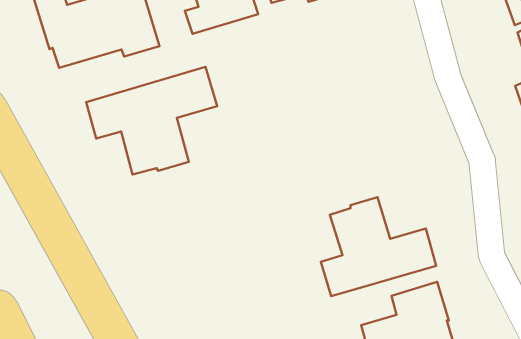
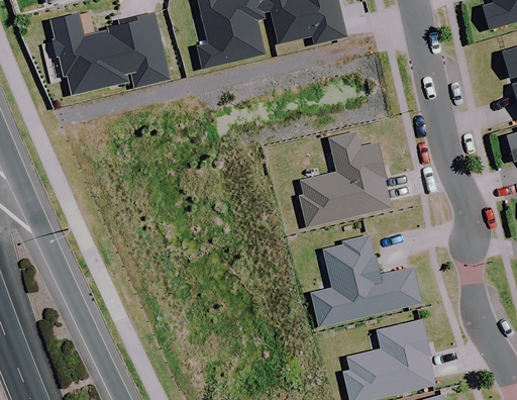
building: [86,67,217,175] -> none
building: none -> [299,130,390,226]

